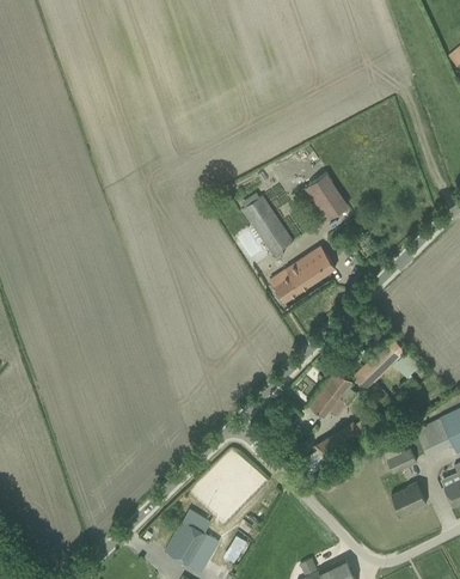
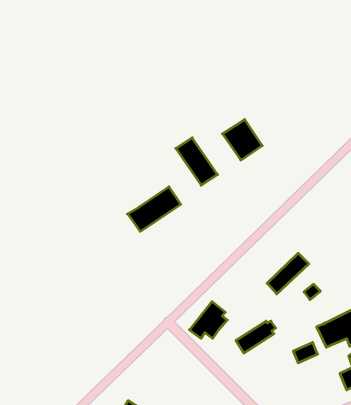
building: [269,246,335,301] -> [127,187,181,231]
building: [309,371,356,416] -> [189,302,227,338]
building: [391,482,427,513] -> none

